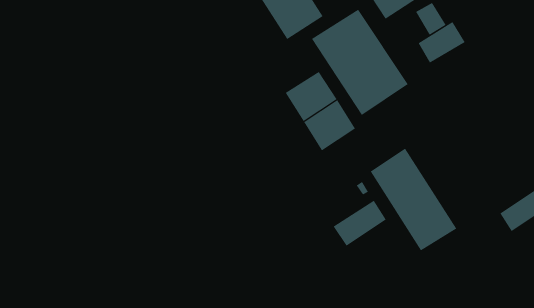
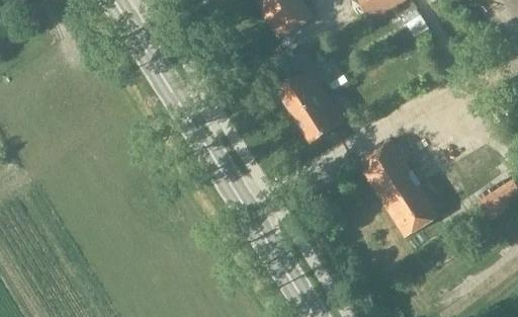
building: [311,9,408,116] -> none
building: [418,21,466,64] -> none
building: [333,200,387,247] -> none

